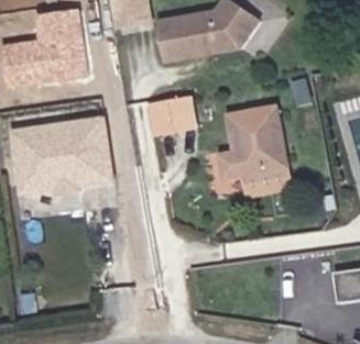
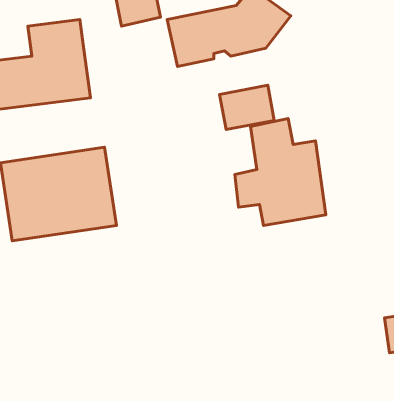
building: [133,97,179,134] -> [220,85,274,130]

